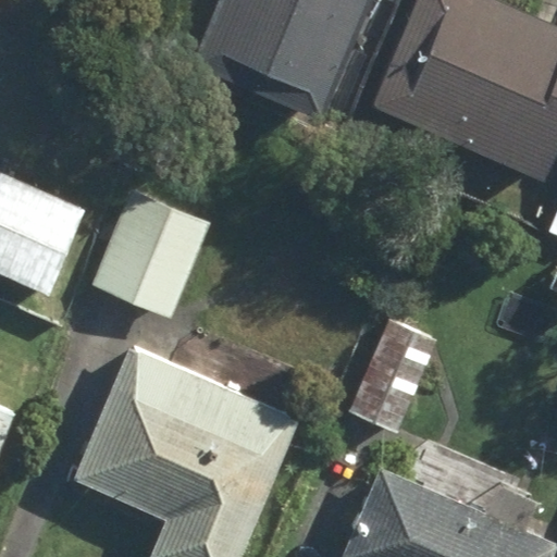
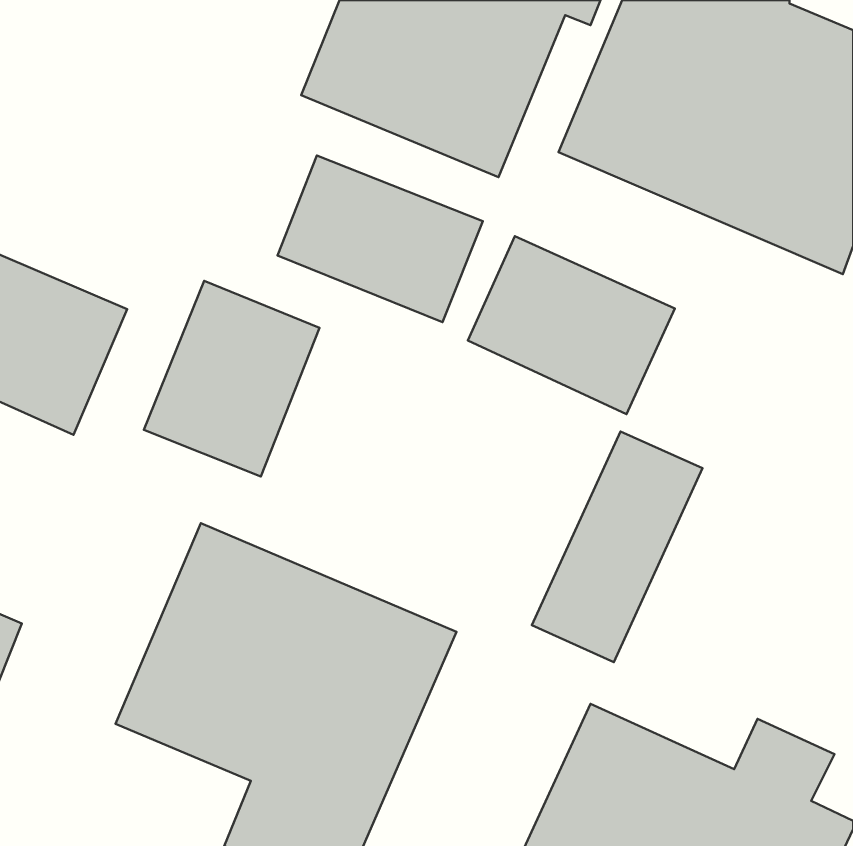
building: none -> [277,155,483,322]
building: none -> [468,236,675,414]

